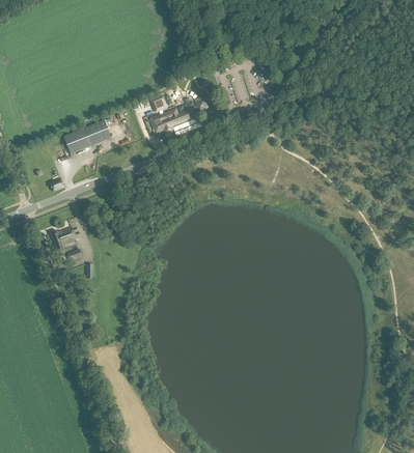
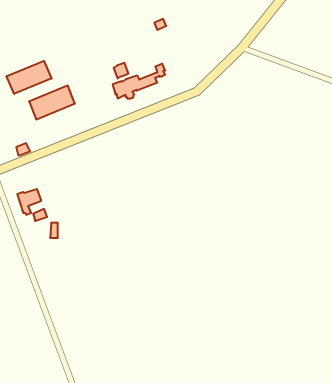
building: none -> [7,61,52,94]

